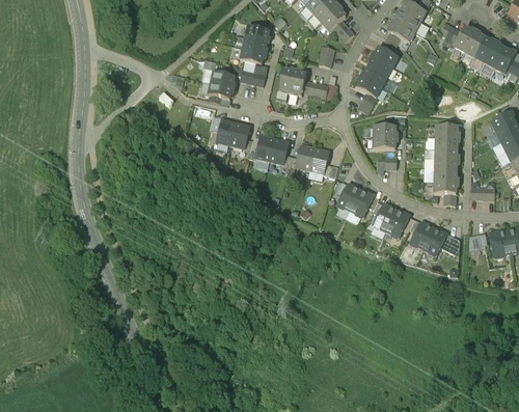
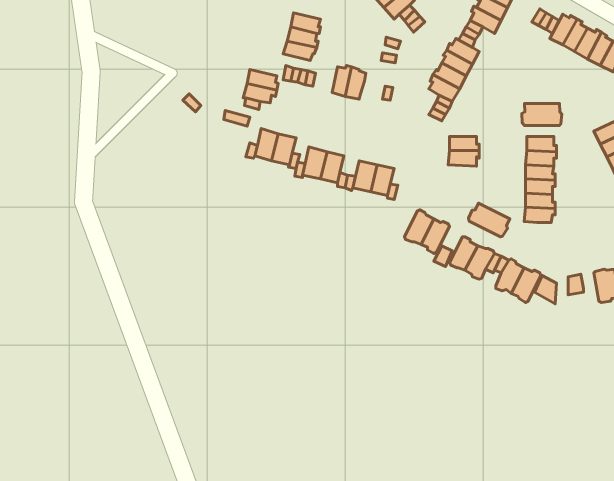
building: none -> [522,103,562,125]
building: none -> [468,203,510,237]

